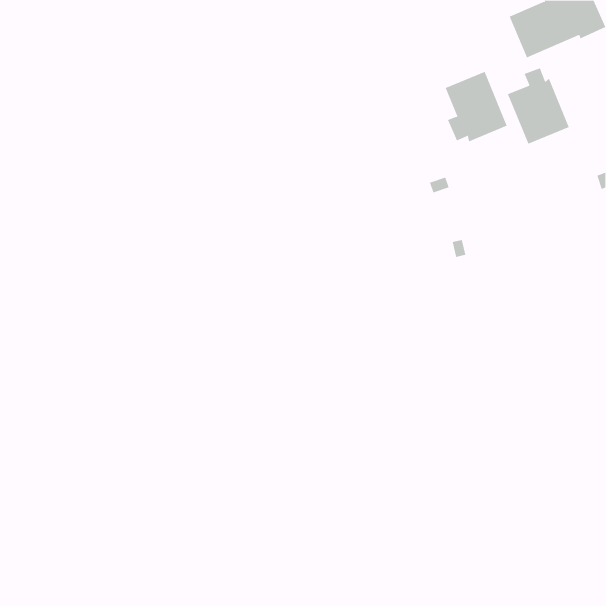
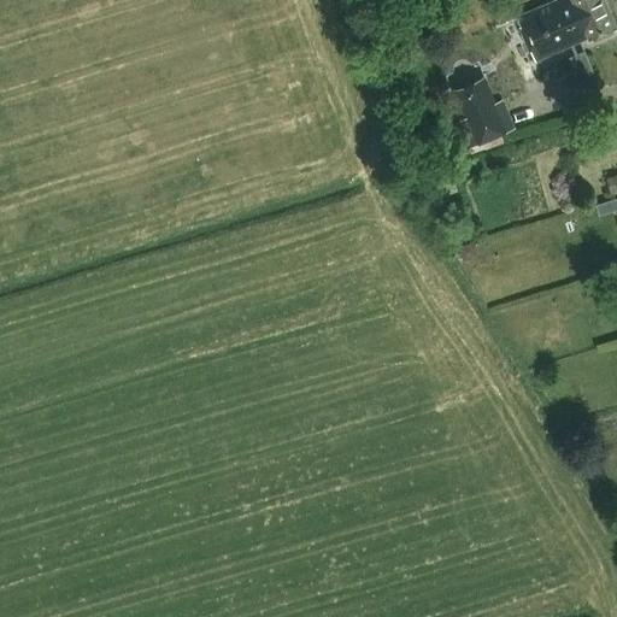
building: [507,67,569,144] -> none

